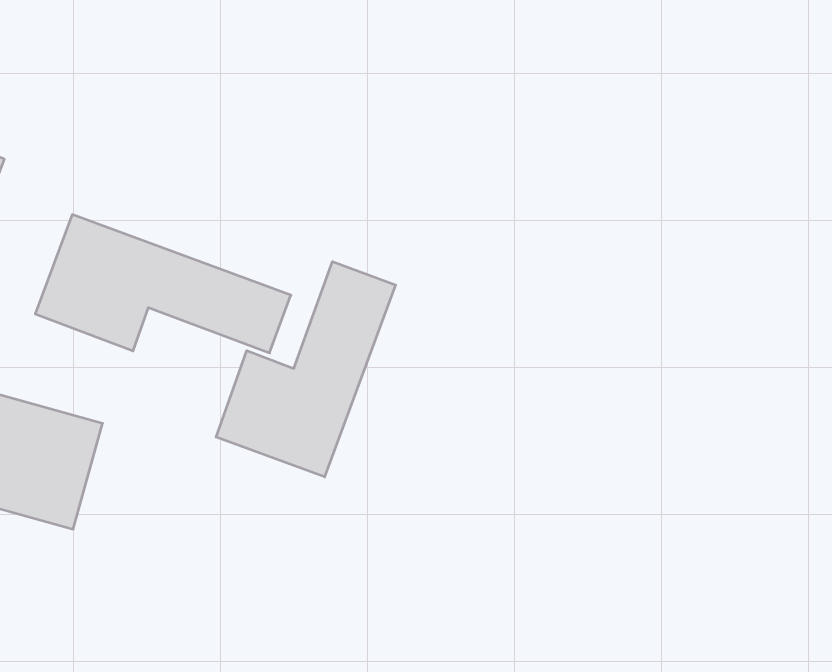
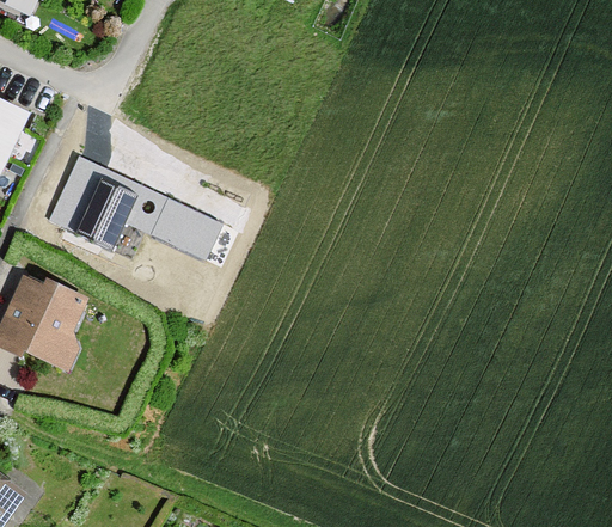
building: [216,262,396,477] -> none

